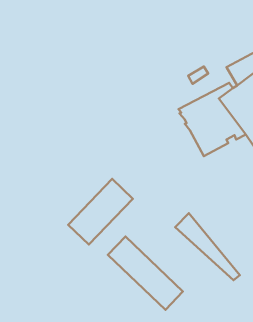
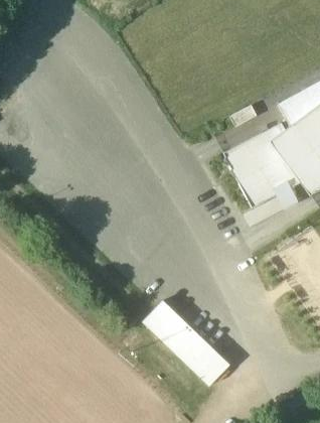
building: [68,179,133,245] -> none
building: [175,213,240,280] -> none

